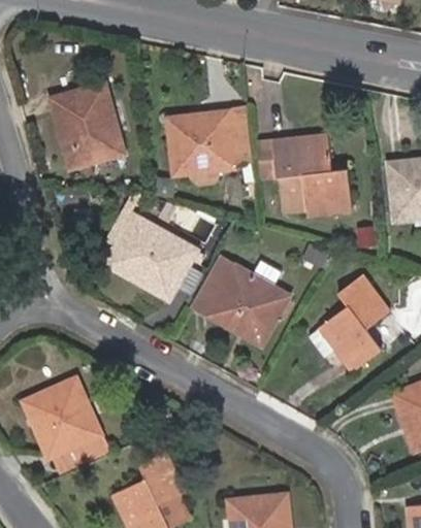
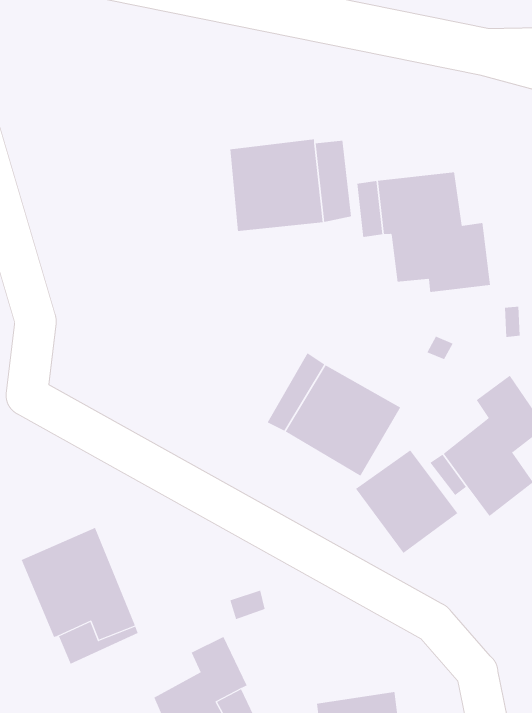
building: [52,85,123,168] -> none
building: [106,211,196,299] -> none
building: none -> [355,449,458,554]

